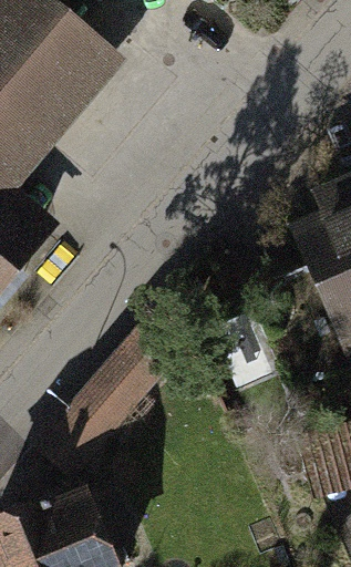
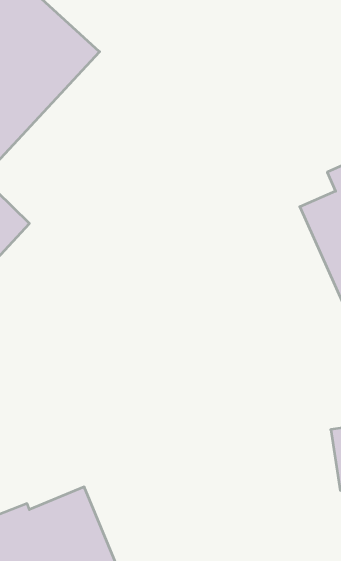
building: [42,328,174,474] -> none

